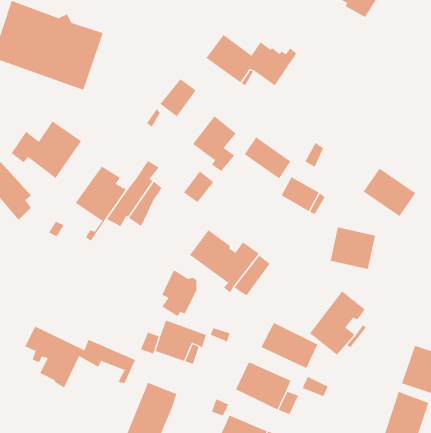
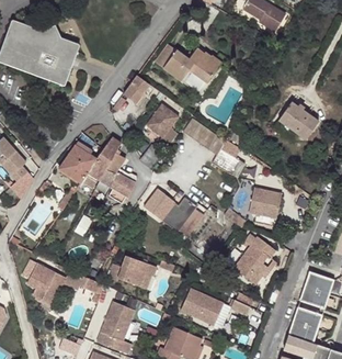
building: [11,121,82,179] -> none
building: [363,168,416,217] -> [278,103,318,139]
building: [162,270,197,317] -> [109,168,135,203]
building: [261,322,318,369] -> none

